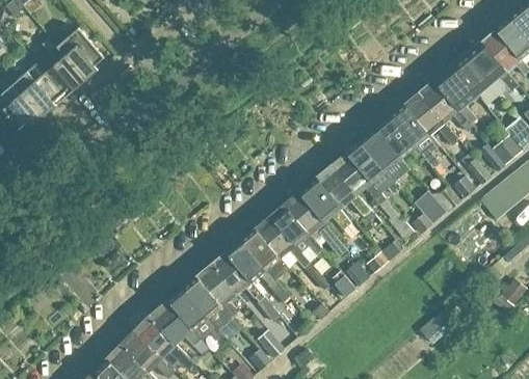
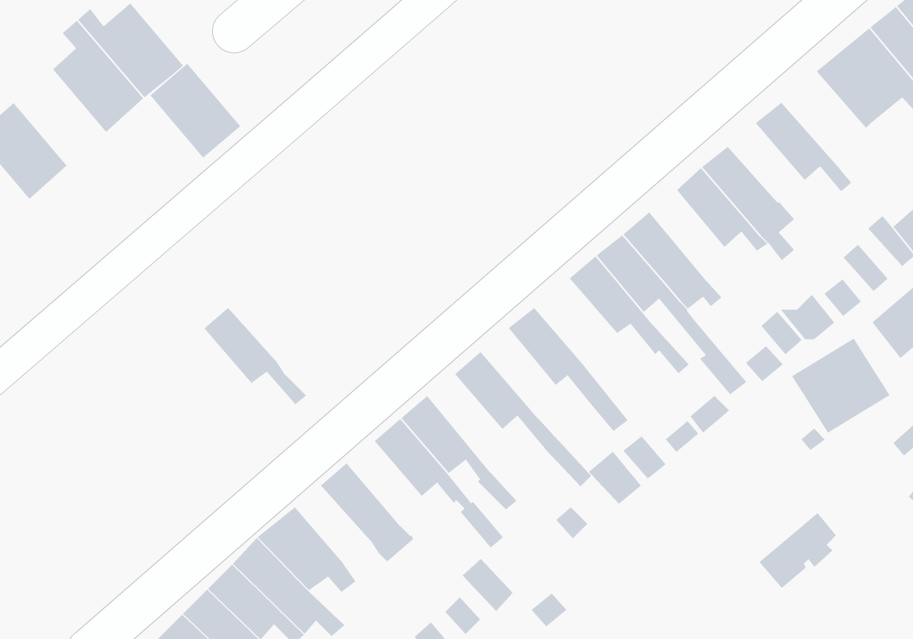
building: [16,63,65,115] -> [149,63,241,159]
building: [432,64,478,125] -> none
building: [403,92,459,146] -> none
building: [361,129,405,171] -> none
building: [298,177,351,231] -> none
building: [269,204,321,253] -> none
building: [240,228,289,281] -> none
building: [196,265,245,316] -> none
building: [168,289,224,342] -> [203,307,307,405]

